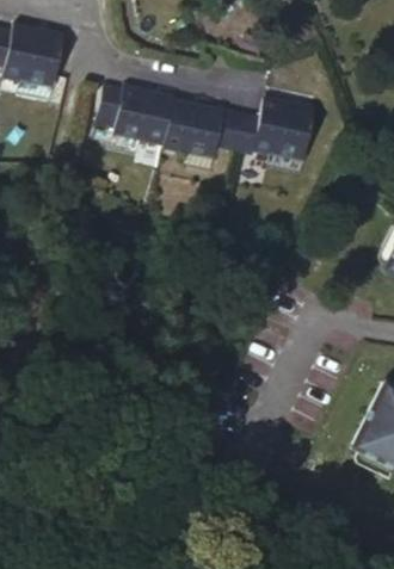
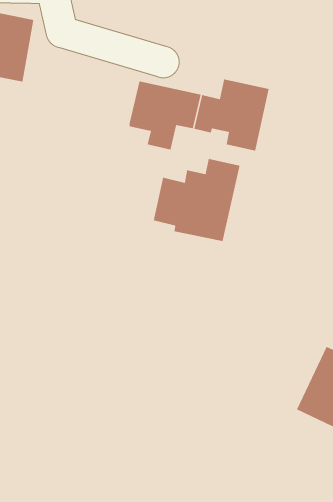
building: [97,84,174,148] -> none
building: none -> [153,158,240,242]

